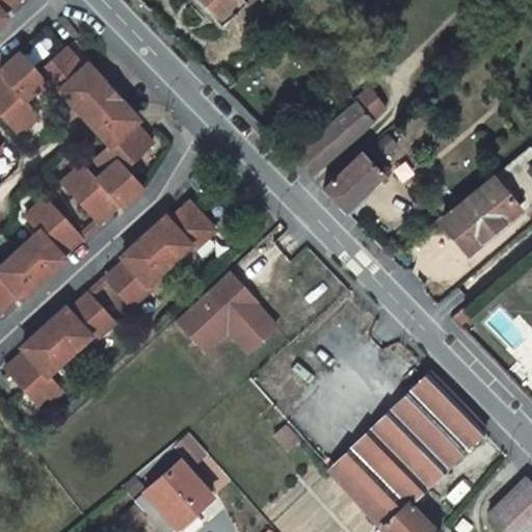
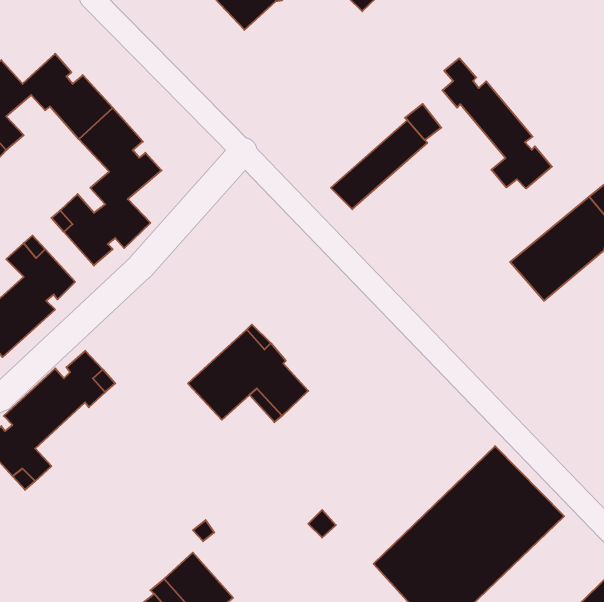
building: none -> [442,58,552,188]
building: [324,153,382,211] -> none
building: [105,202,215,307] -> none

